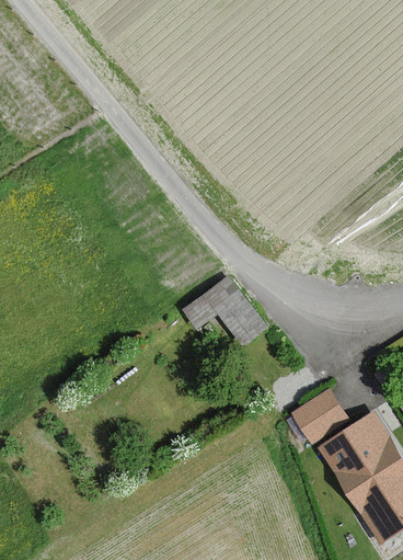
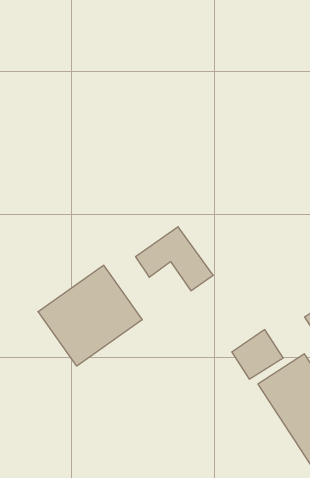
building: none -> [38,265,142,366]

